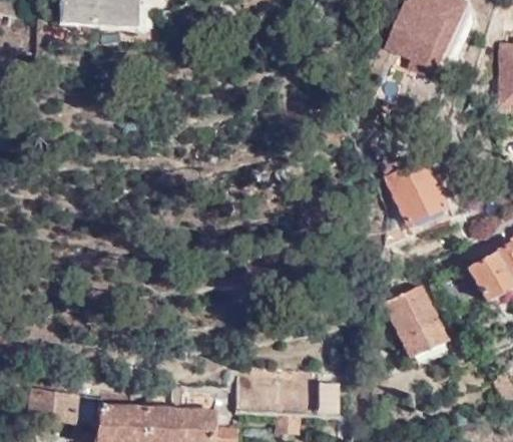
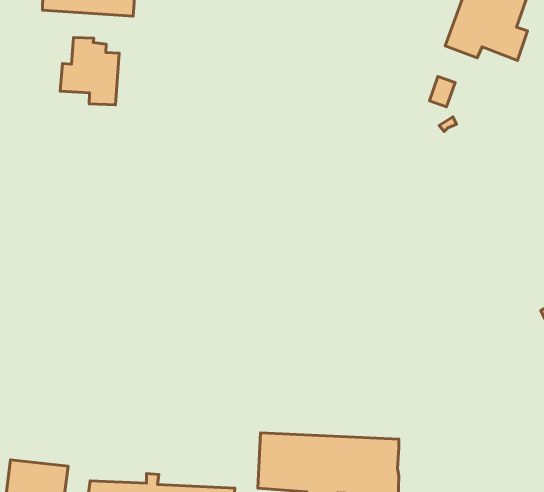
building: none -> [60,37,119,105]
building: [378,155,444,226] -> none
building: [385,285,446,358] -> none

